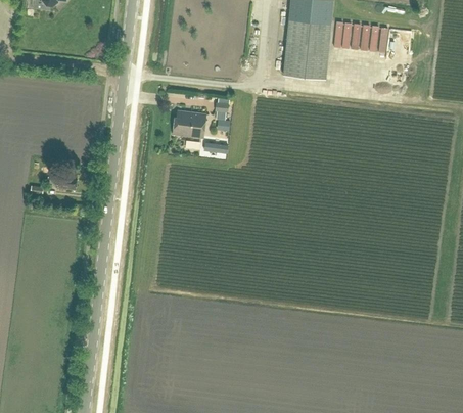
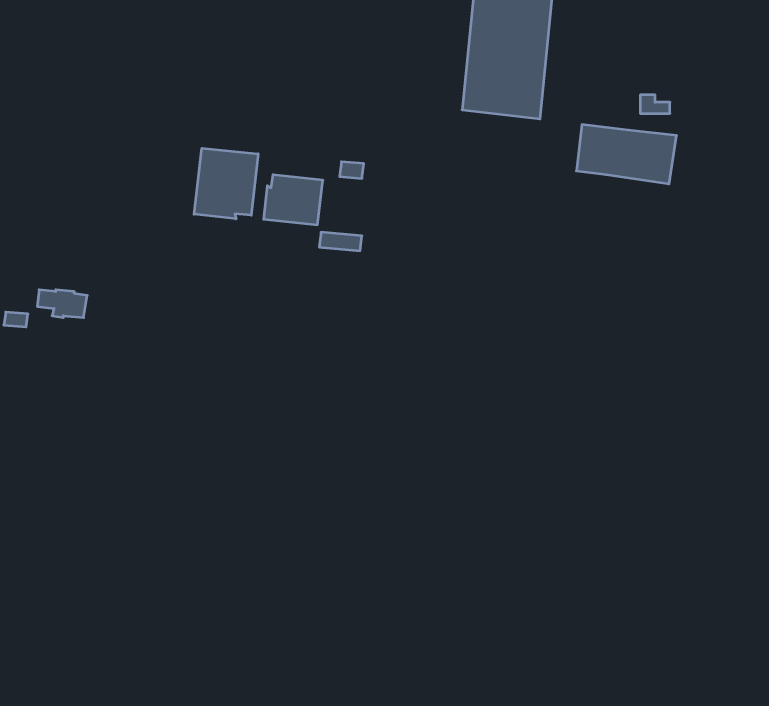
building: [335,19,390,52] -> [576,125,677,184]
building: none -> [194,148,258,219]

